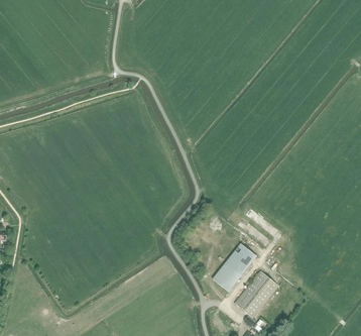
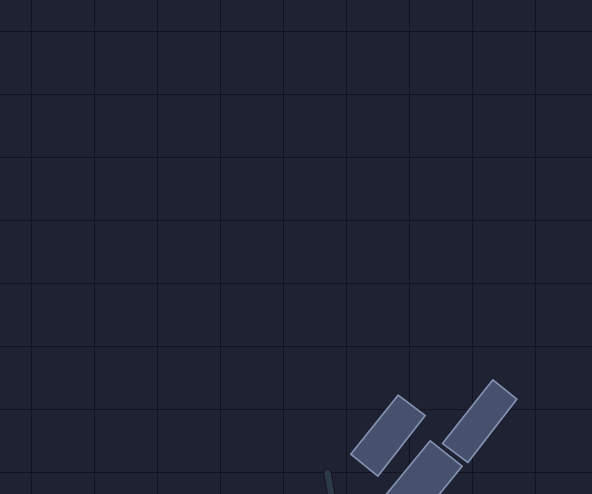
building: none -> [443,380,517,463]

